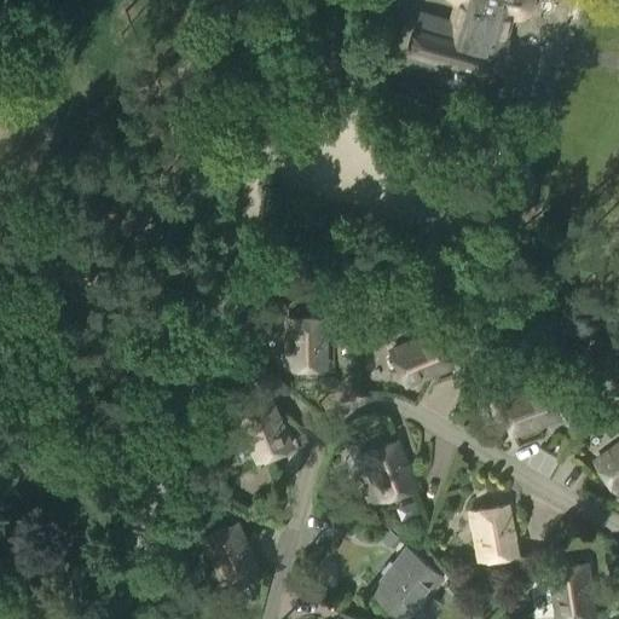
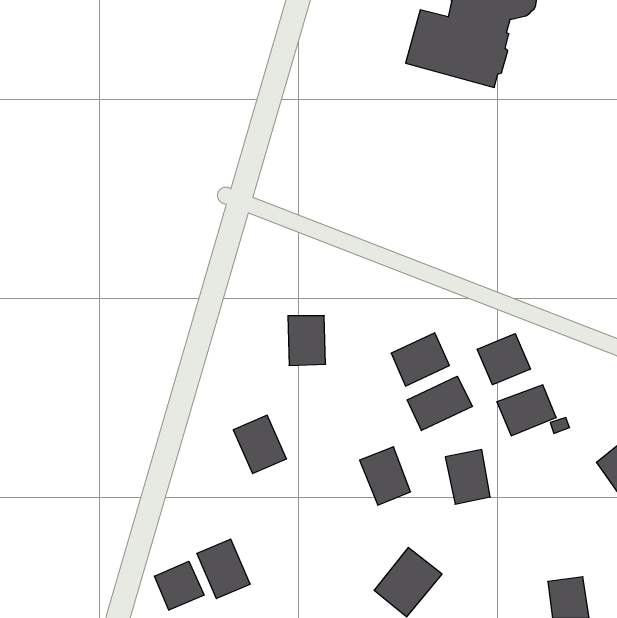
building: none -> [477,334,530,385]
building: none -> [407,376,472,431]
building: [472,503,516,557] -> [445,450,490,504]
building: none -> [154,561,204,610]

